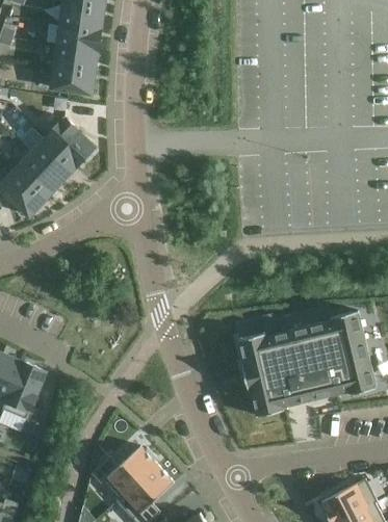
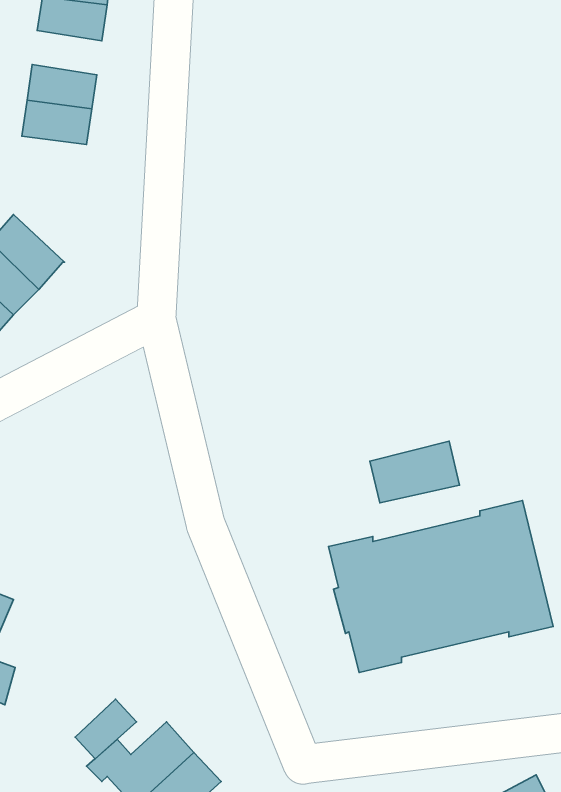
building: [57,24,101,51] -> none
building: [46,119,94,166] -> none
building: none -> [370,441,460,503]
building: none -> [75,699,136,759]

